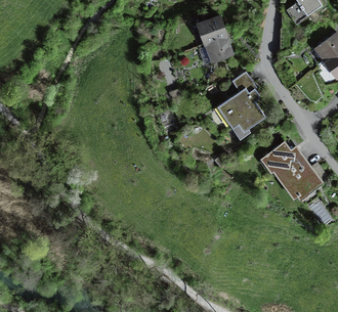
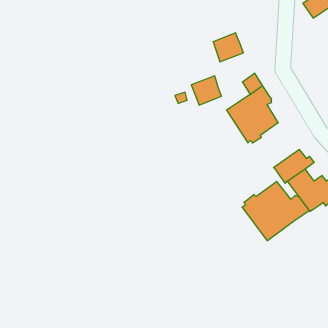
building: [198,17,225,44] -> [191,76,222,105]
building: none -> [242,181,309,241]

